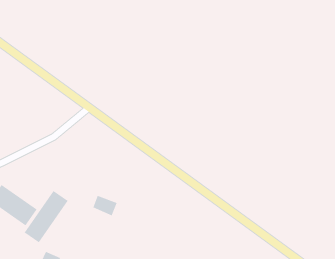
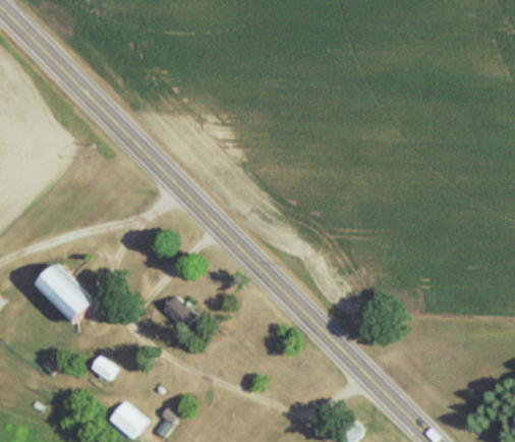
building: [24,190,68,243] -> none

